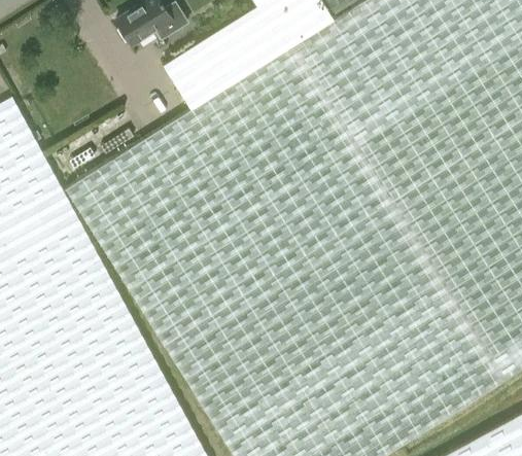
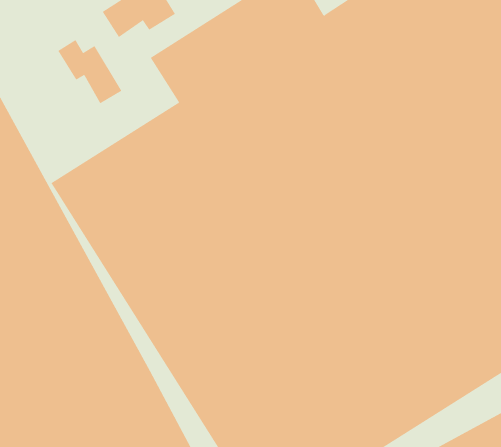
building: none -> [58,39,122,104]

